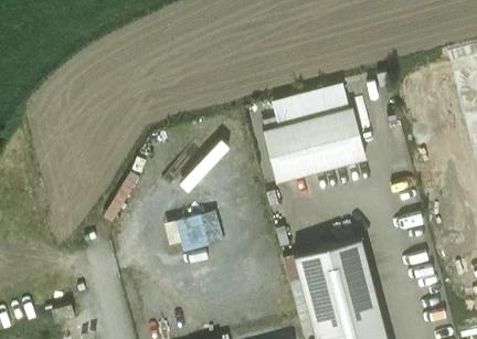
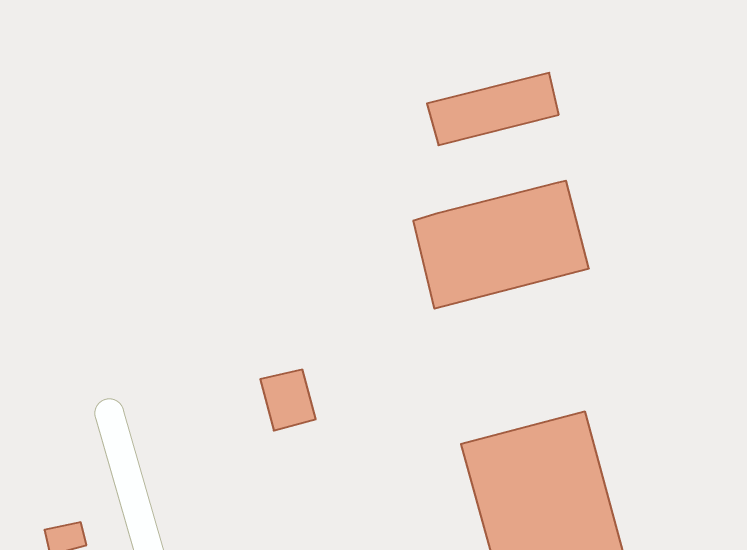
building: [272,86,348,128] -> [427,73,559,145]

